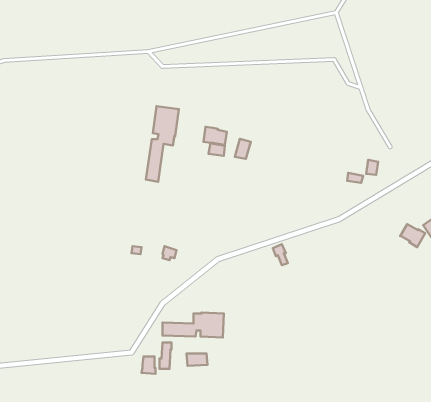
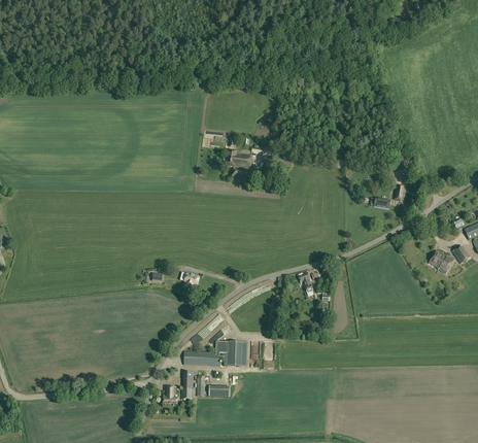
building: [146,106,179,182] -> none

